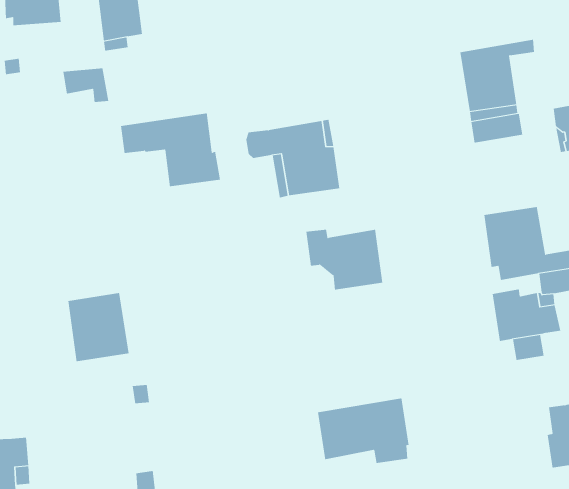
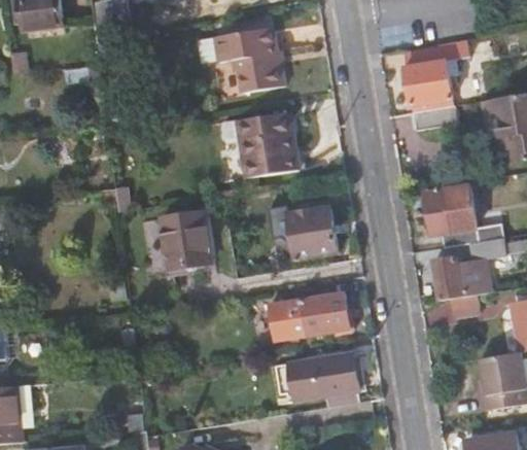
building: [120,113,221,187] -> [200,27,286,91]
building: [67,293,130,362] -> [160,209,213,269]
building: none -> [267,292,349,342]

